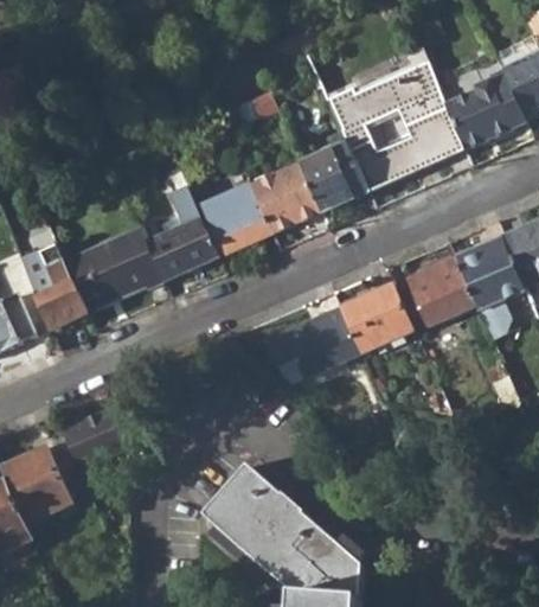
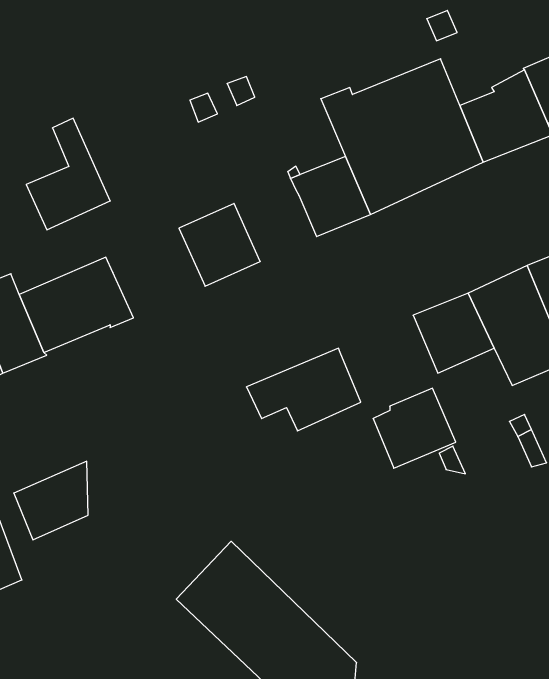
building: [264,173,325,230] -> none
building: [149,183,222,279] -> [26,118,110,230]
building: [345,282,416,351] -> [373,388,456,468]

